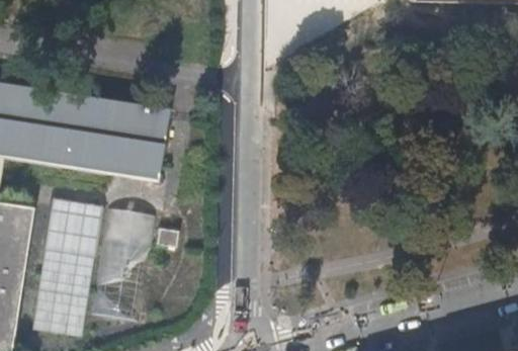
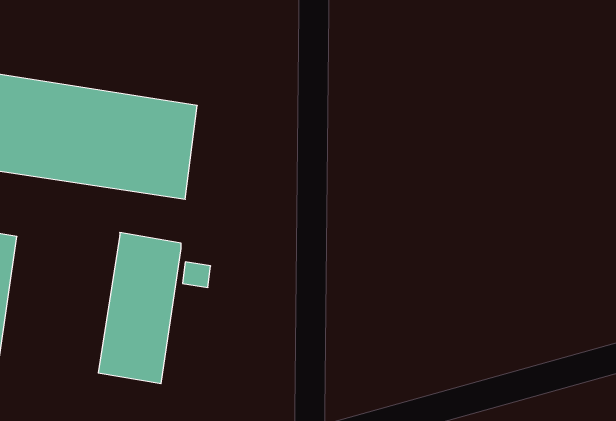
building: [33,195,101,335] -> none

